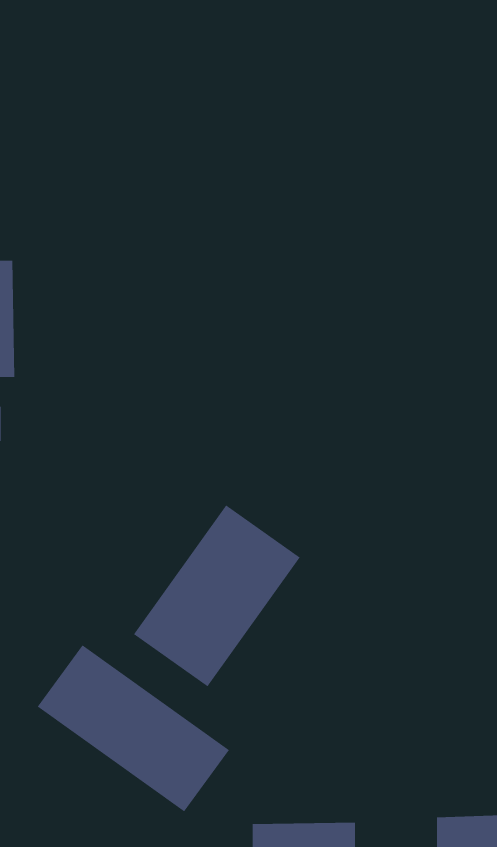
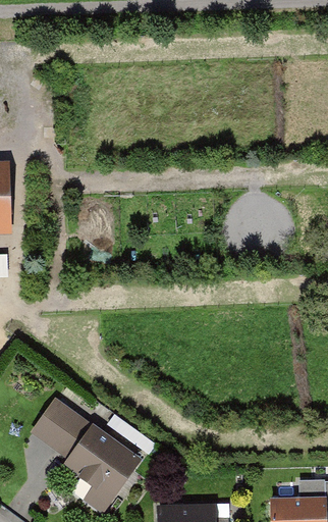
building: [133,505,301,687] -> none

